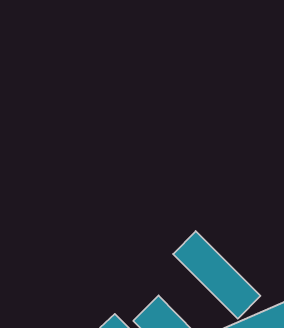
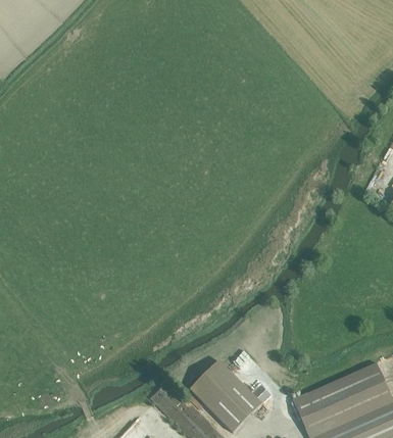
building: [173,231,260,319] -> none

